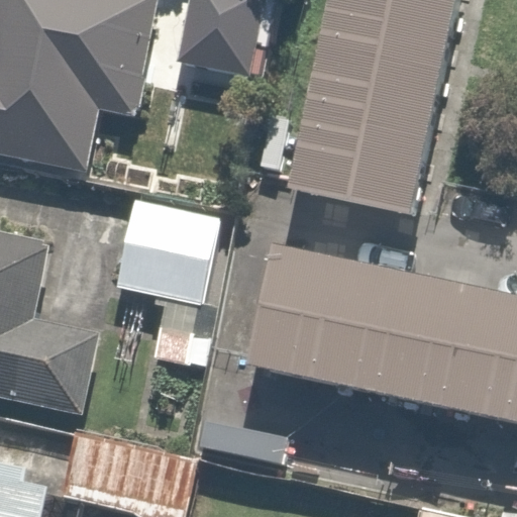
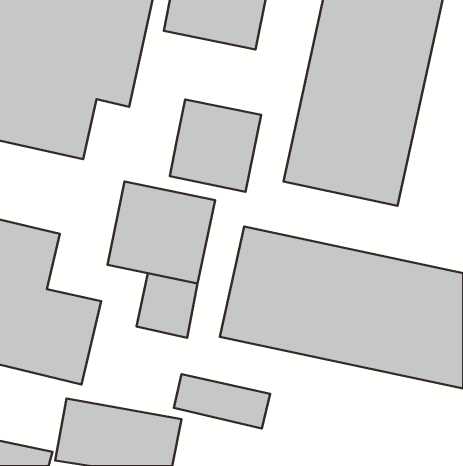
building: none -> [170,100,261,192]

